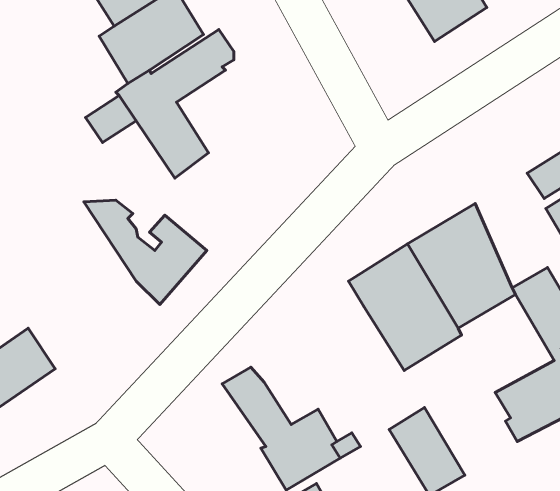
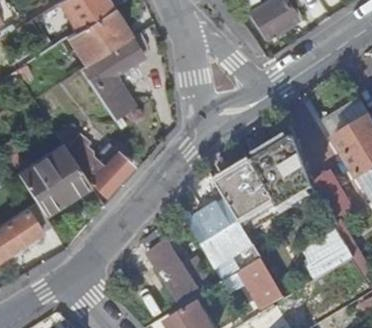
building: none -> [14,139,86,210]
building: none -> [186,197,251,263]

